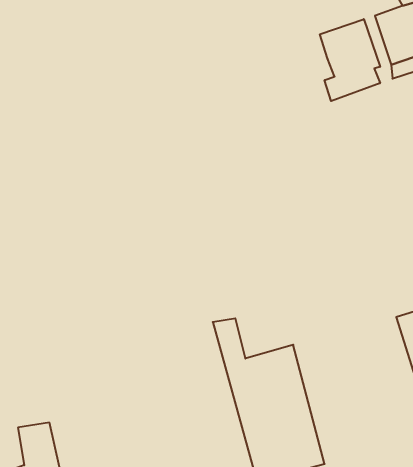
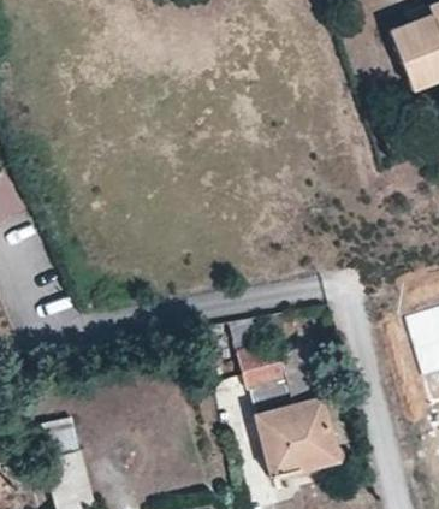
building: [320,19,380,101] -> none

